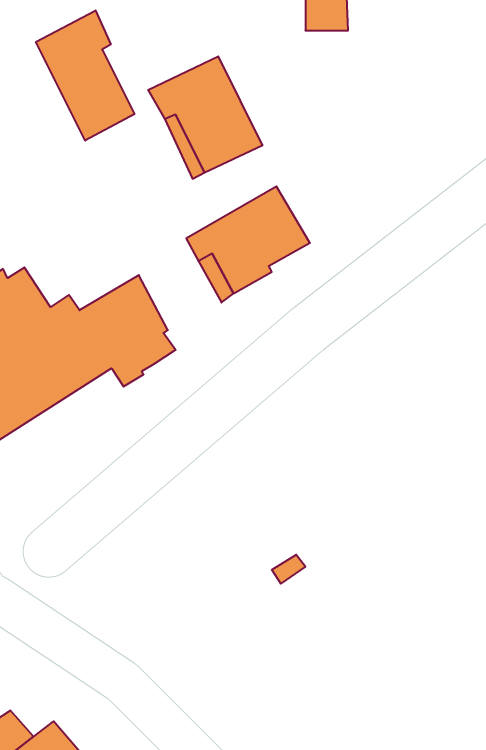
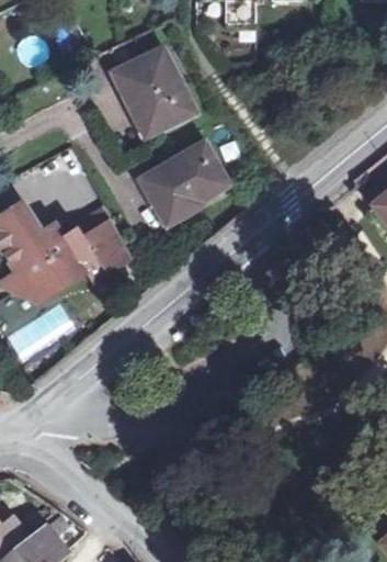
building: [36,10,134,141] -> none

